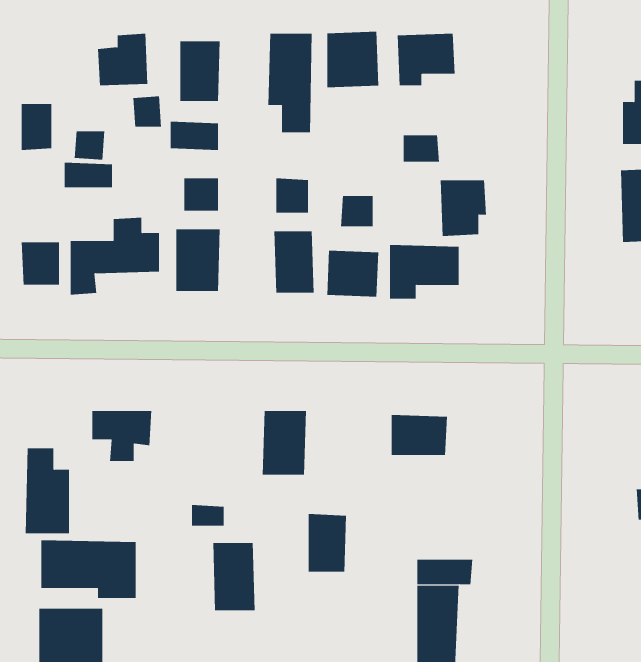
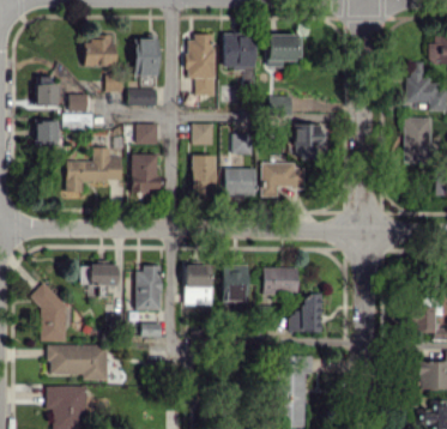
building: [21,242,60,285] -> [35,121,59,147]
building: none -> [286,295,322,333]
building: [308,514,347,572] -> [224,265,248,301]
building: [212,542,255,611] -> [135,268,162,310]

